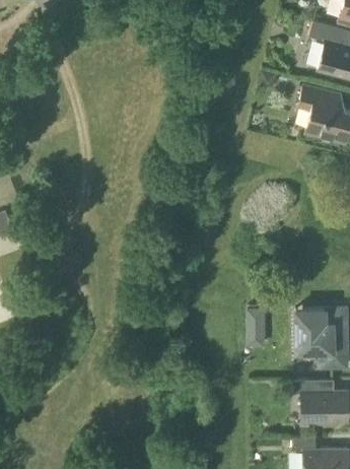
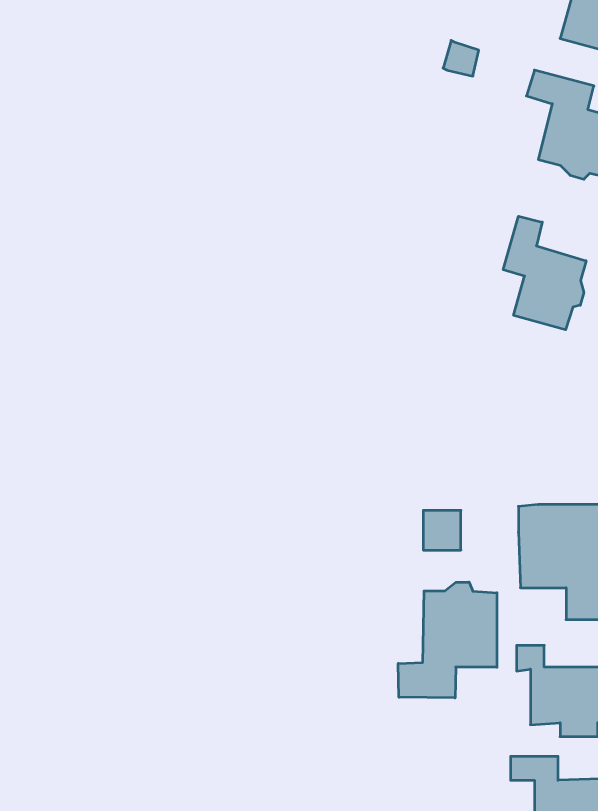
building: none -> [503,216,586,330]
building: none -> [398,582,497,698]

